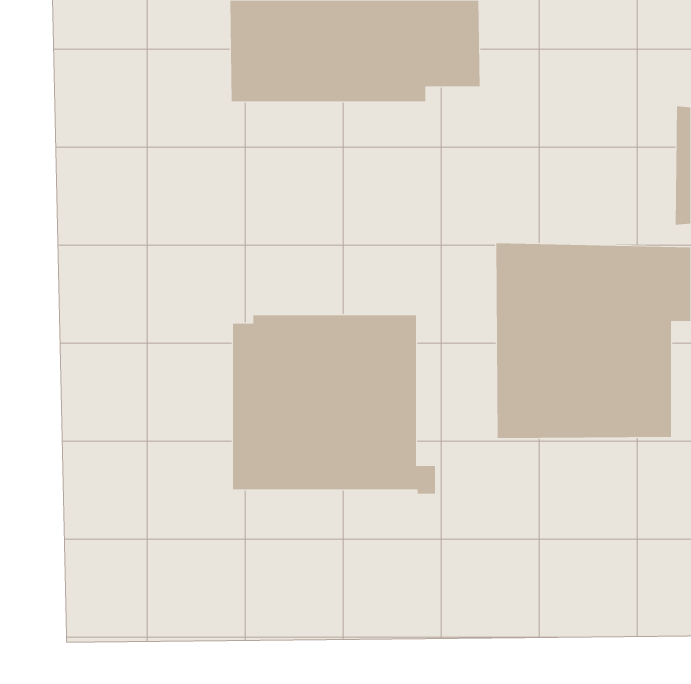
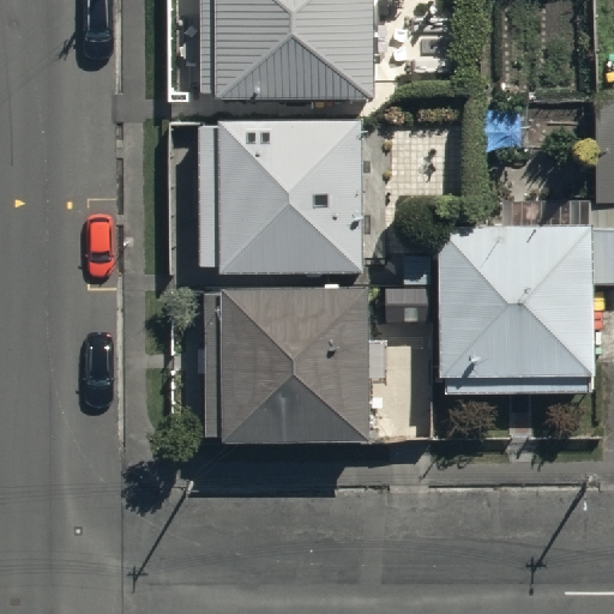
building: none -> [199,119,383,272]

